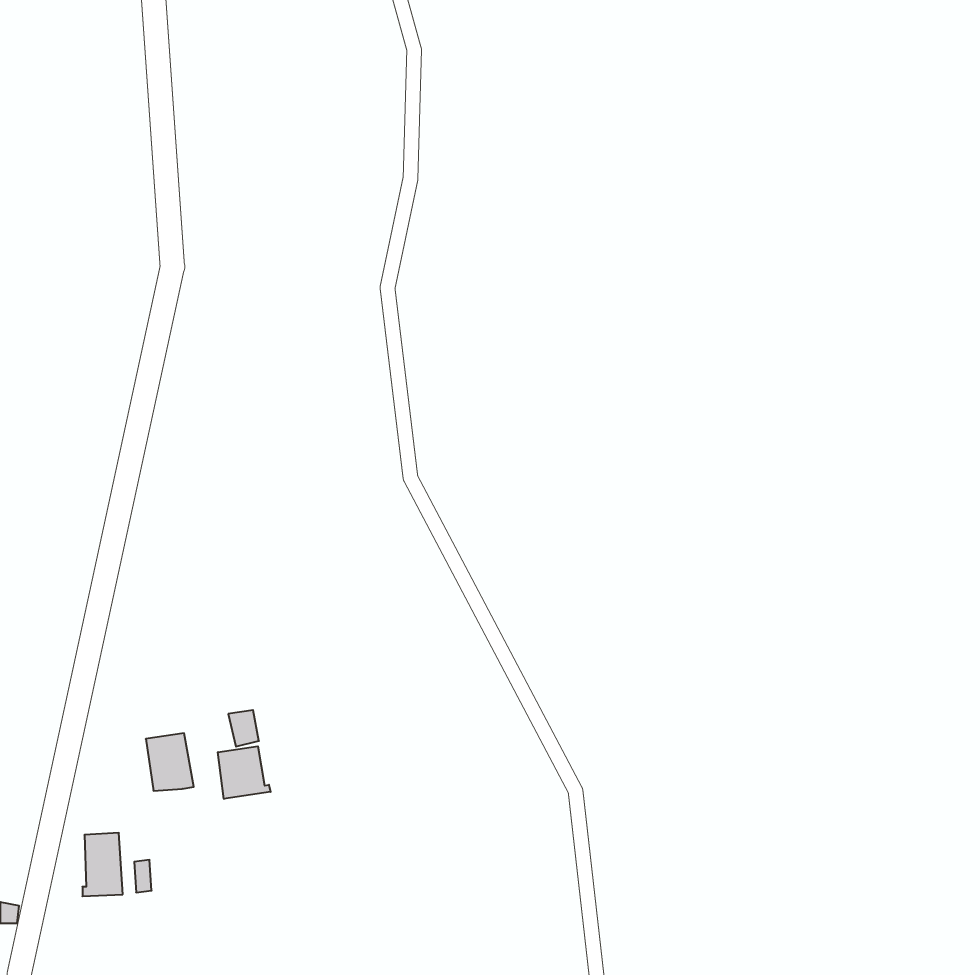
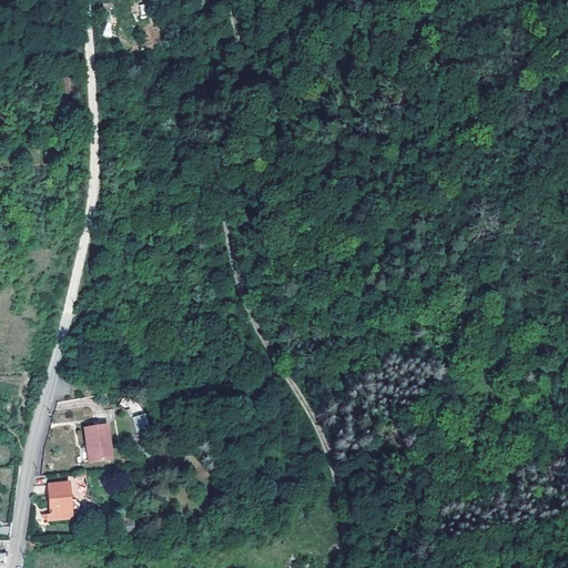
building: [218,746,271,799] -> none

